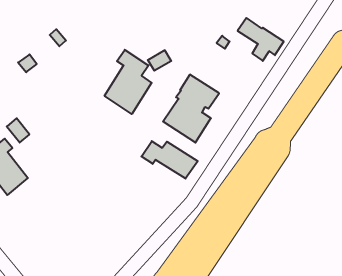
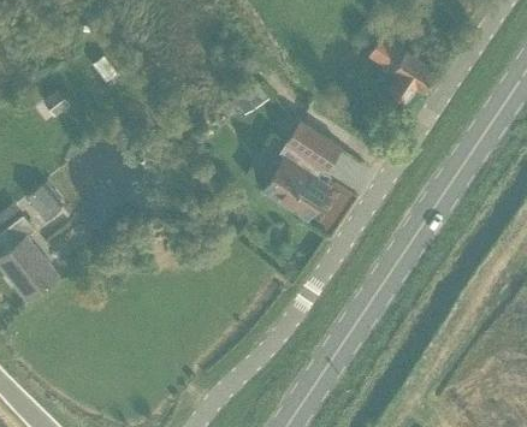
building: [105,50,152,114] -> none
building: [141,141,198,179] -> none

